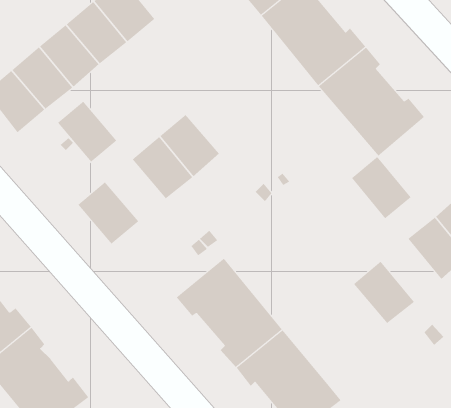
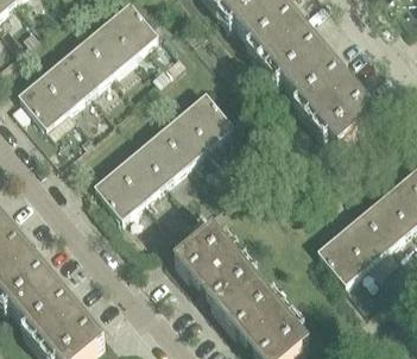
building: none -> [185,92,235,143]
building: [57,101,117,163] -> [120,147,169,197]
building: [351,156,411,219] -> [343,212,392,263]

